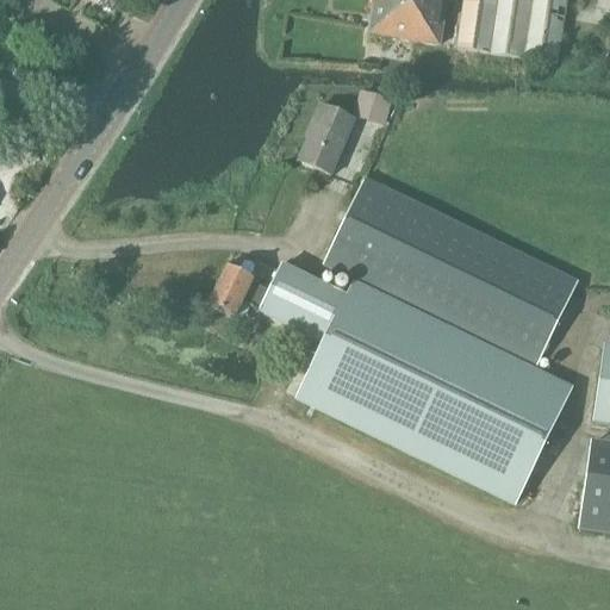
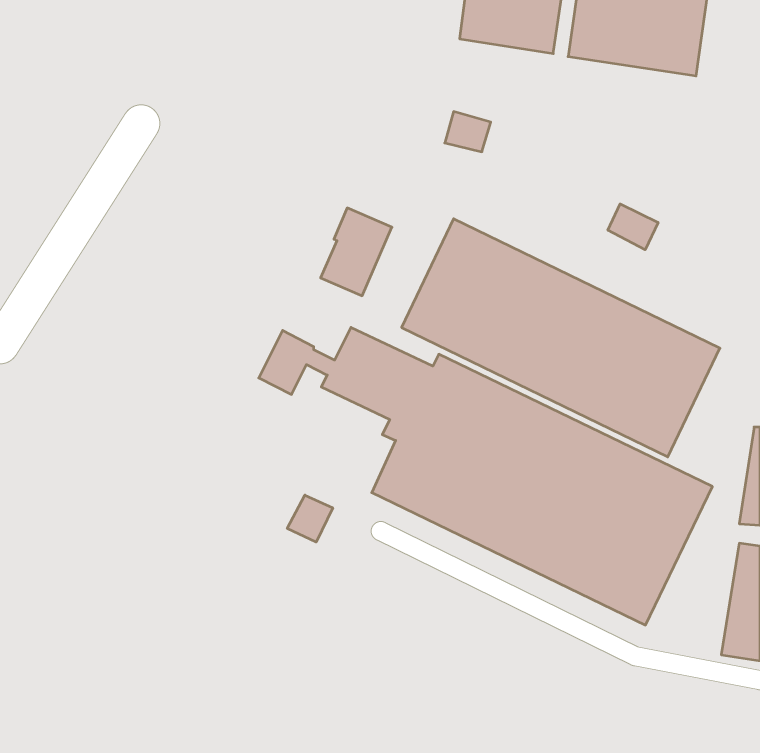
building: [297,102,354,173] -> [321,208,392,296]
building: none -> [608,204,658,250]
building: none -> [287,495,333,542]

